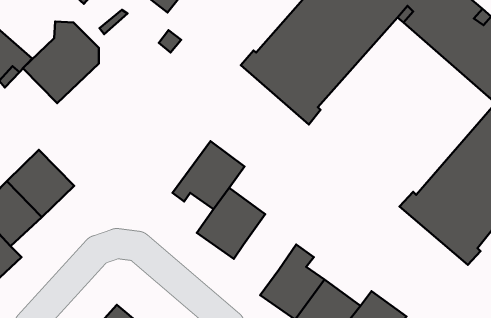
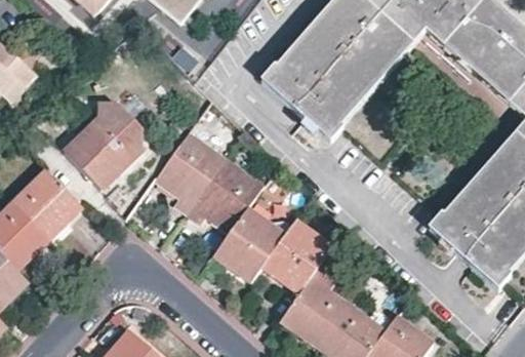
building: [23,22,99,103] -> [65,103,145,189]
building: none -> [157,131,228,212]
building: none -> [262,220,332,293]

